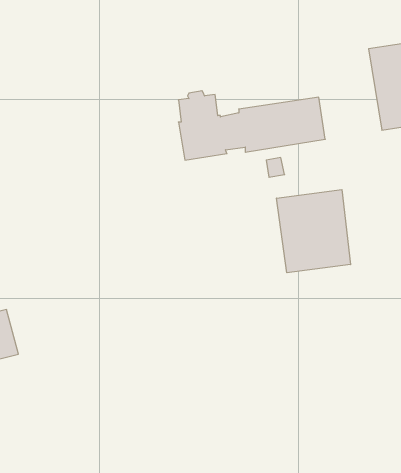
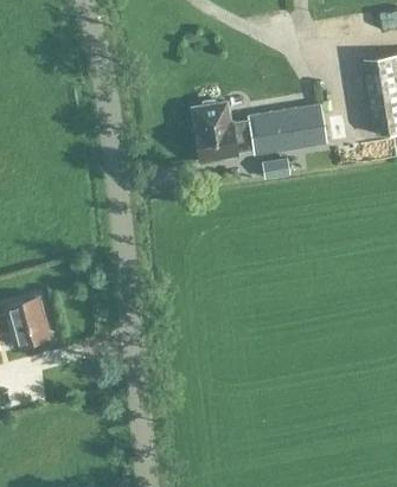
building: [277,190,351,273] -> none

